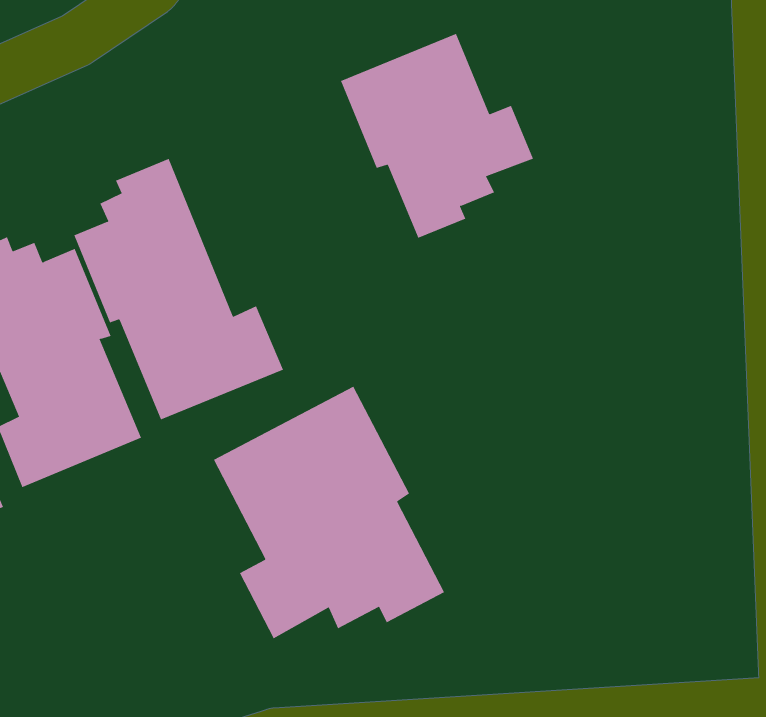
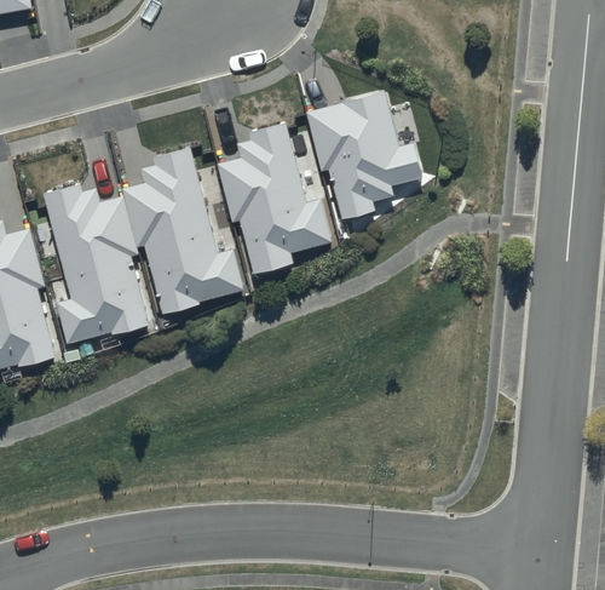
building: none -> [215,122,330,273]
building: [213,386,445,639] -> none

